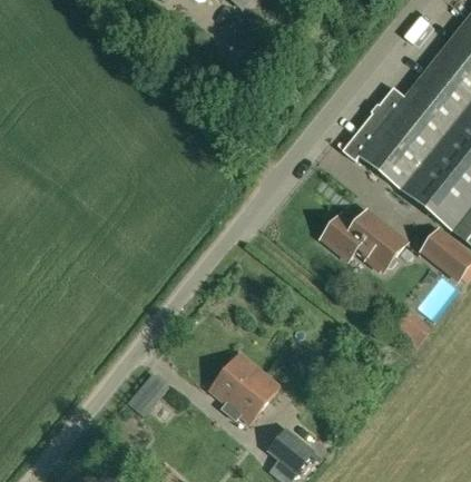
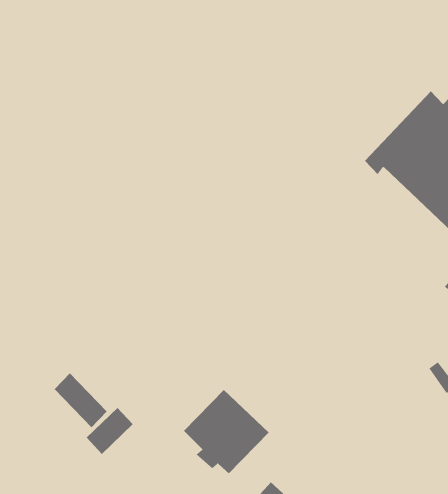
building: [320,213,404,268] -> none
building: none -> [54,372,108,428]

